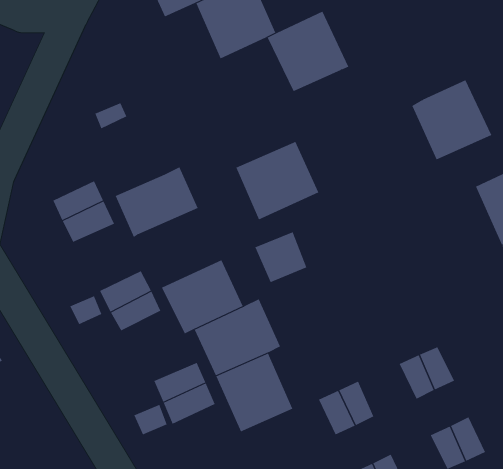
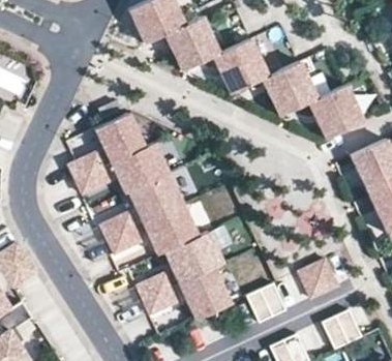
building: none -> [263,60,316,115]
building: none -> [96,113,145,161]
building: [235,141,319,220] -> [127,170,183,222]

